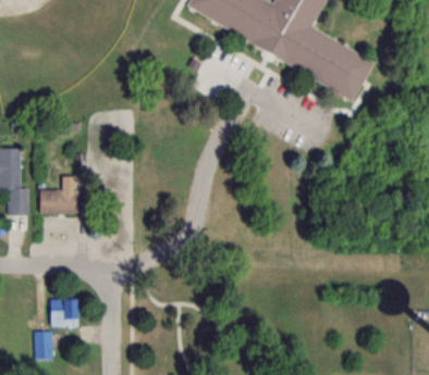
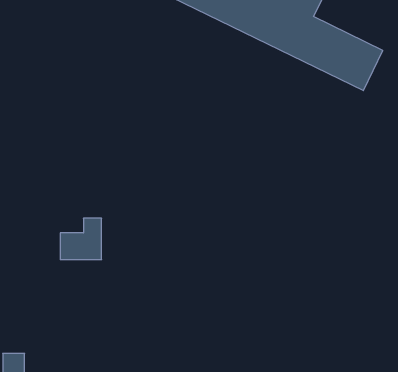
building: [40,177,77,214] -> [60,218,102,260]
building: [50,299,78,326] -> none

